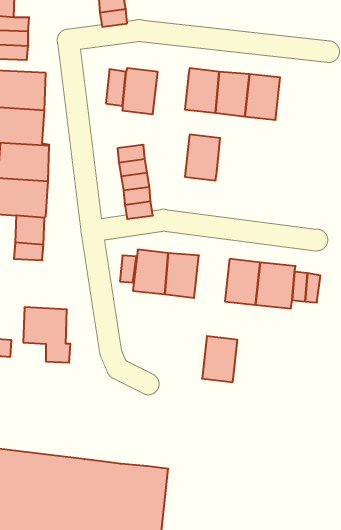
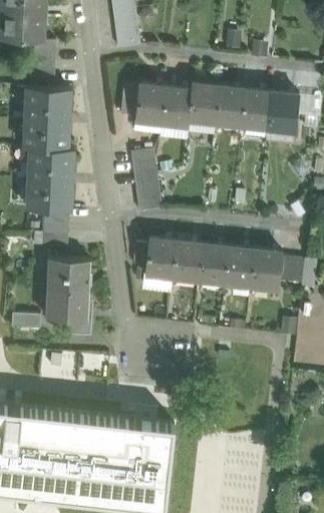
building: none -> [266,94,299,133]
building: [185,135,220,180] -> [161,89,192,128]
building: none -> [48,260,89,292]
building: [202,336,237,382] -> [197,245,227,285]

